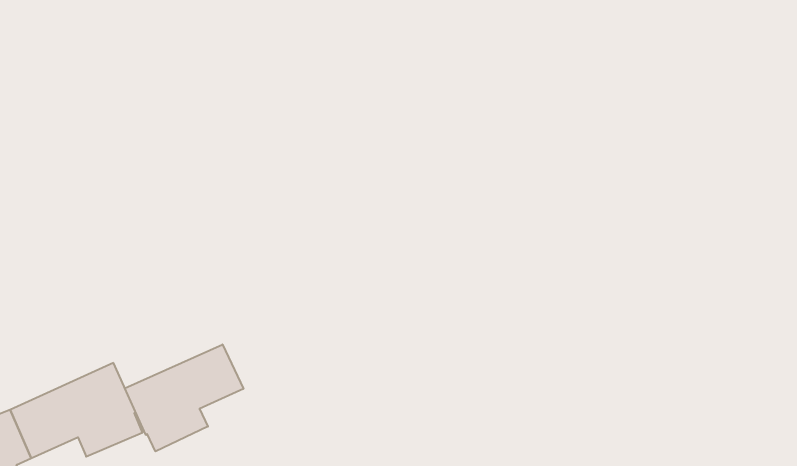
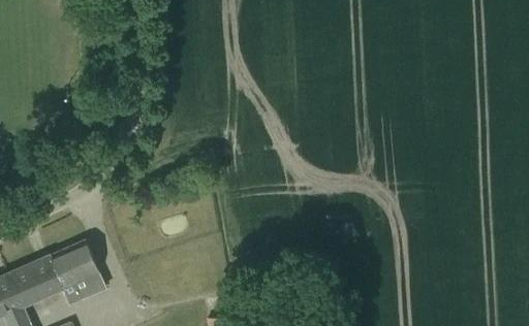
building: [125,344,243,451] -> none

